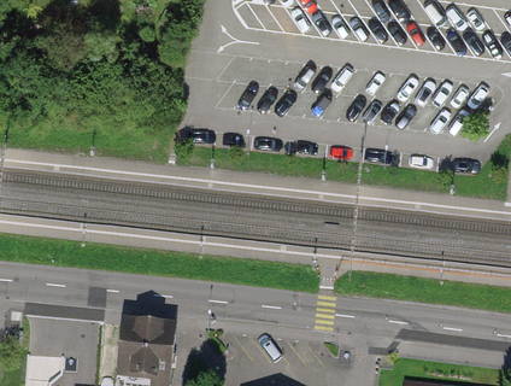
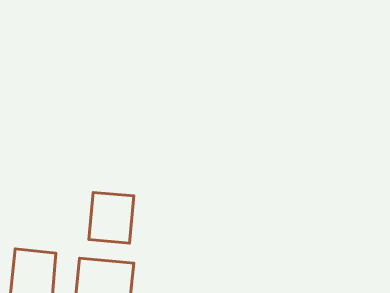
building: none -> [89,192,134,243]

